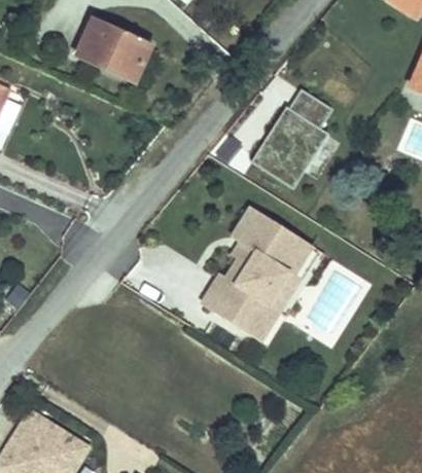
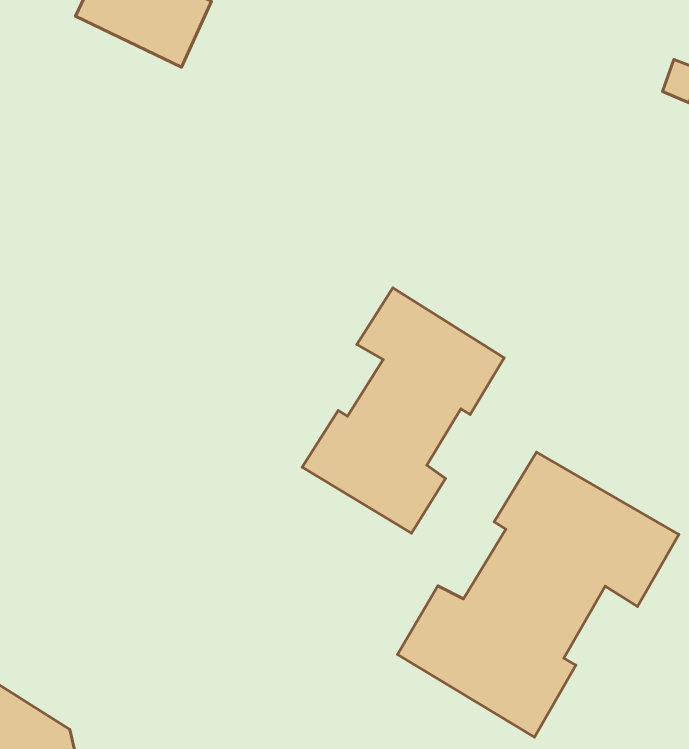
building: [248,86,337,187] -> none
building: none -> [397,452,679,737]

